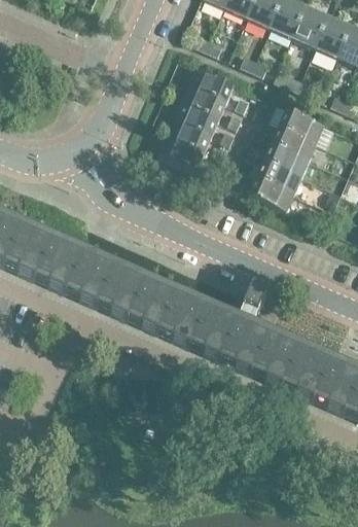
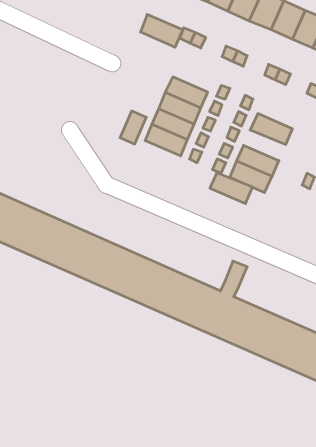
building: [189,69,235,104] -> [140,14,183,47]
building: [280,108,325,143] -> none
building: none -> [120,111,146,144]
building: [264,144,310,177] -> [210,173,252,204]

